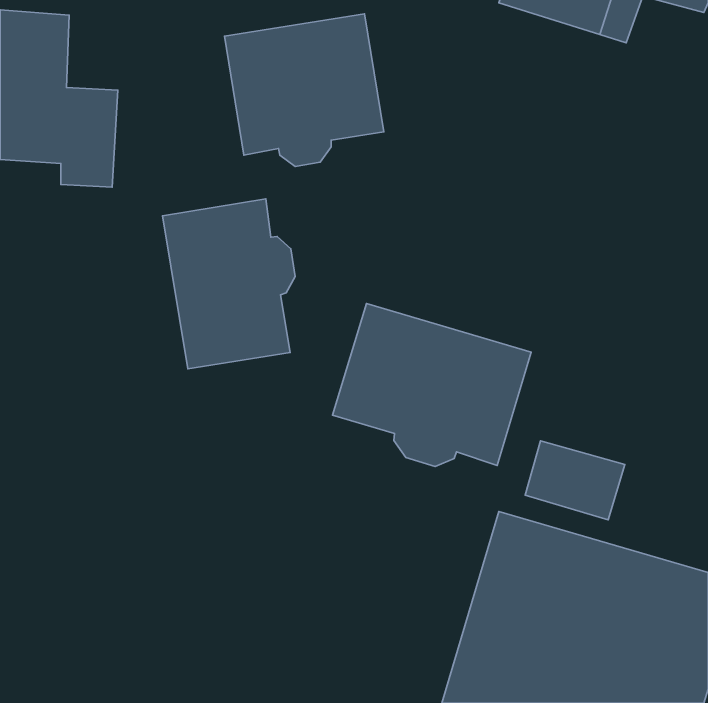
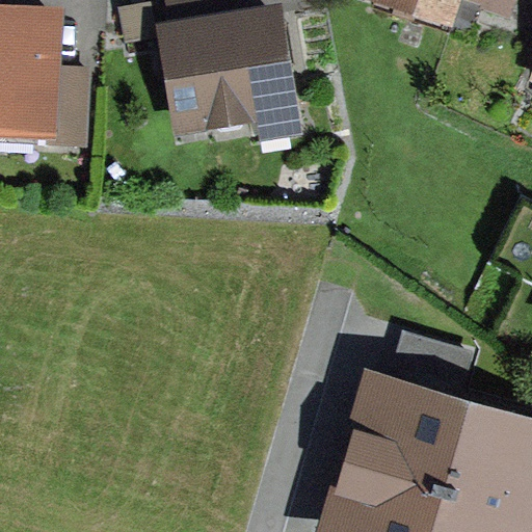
building: [163,199,295,369] -> none
building: [333,303,531,466] -> none

